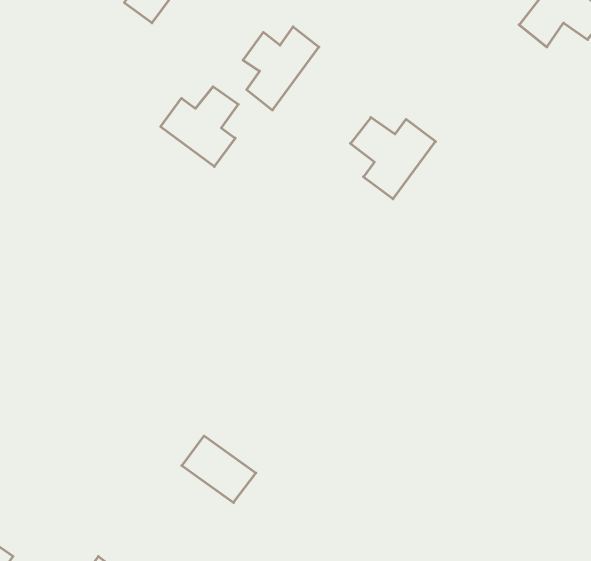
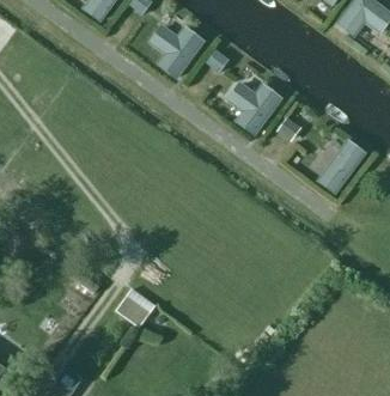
building: [161,87,238,167] -> none
building: none -> [317,140,366,195]

